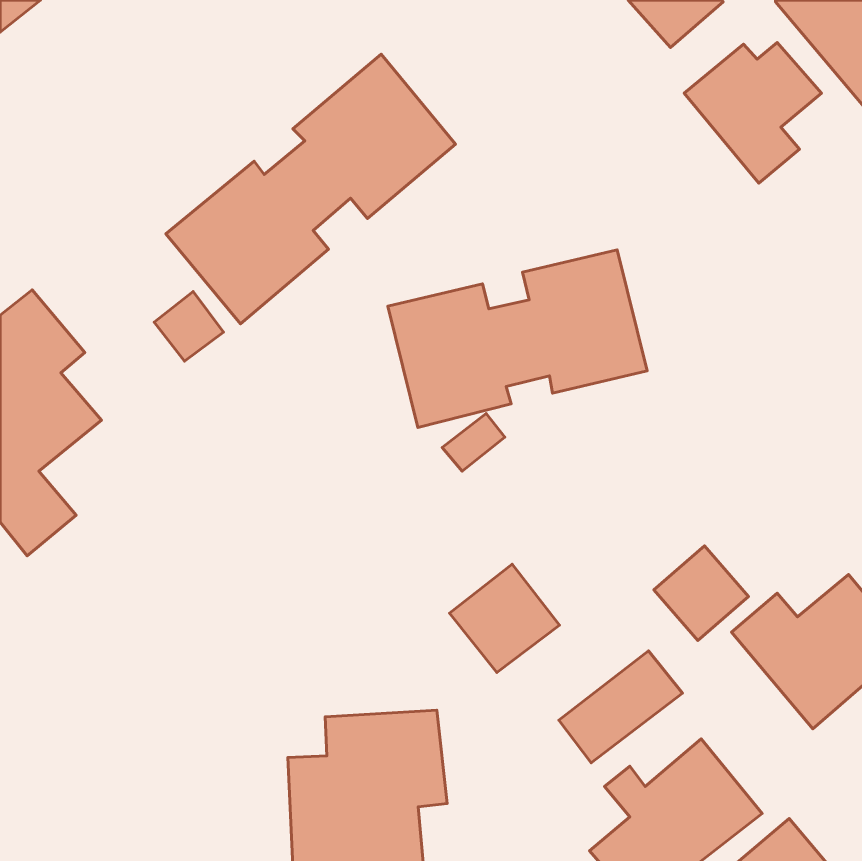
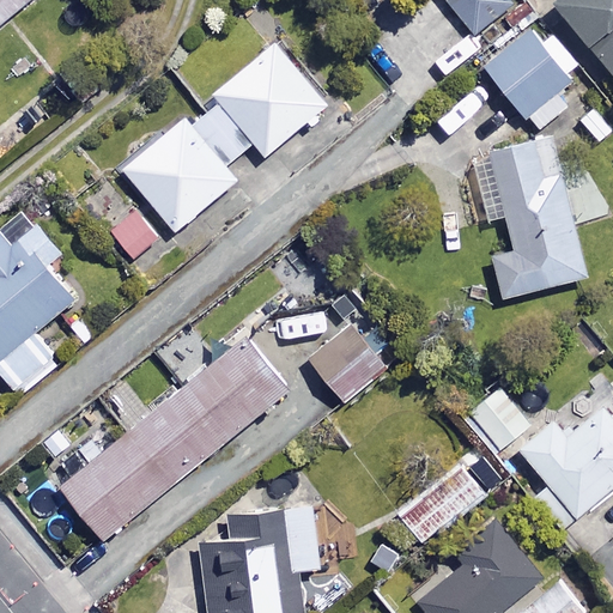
building: none -> [472,136,585,299]
building: [388,250,647,427] -> none
building: none -> [61,336,290,540]
building: [449,564,559,673] -> [310,326,388,402]

